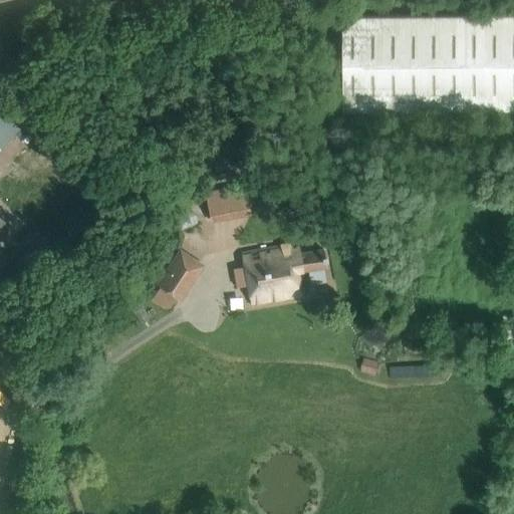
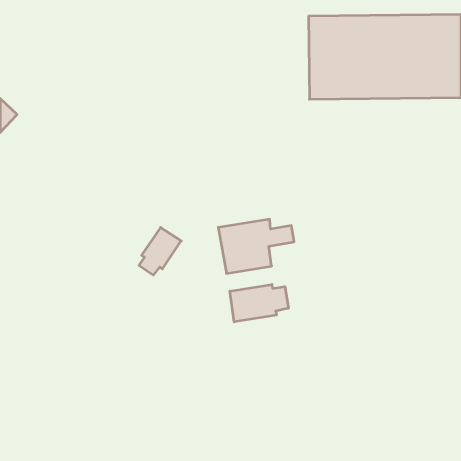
building: [204,184,251,223] -> none
building: none -> [230,284,288,322]

